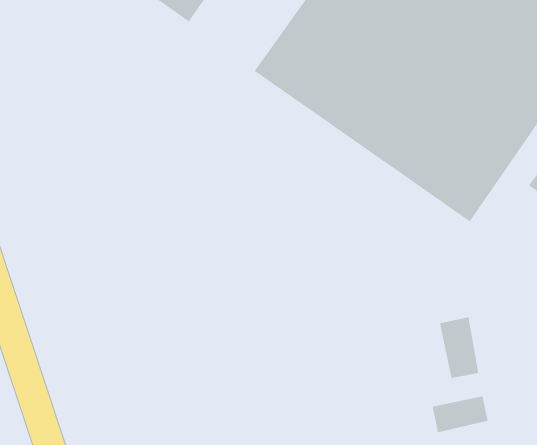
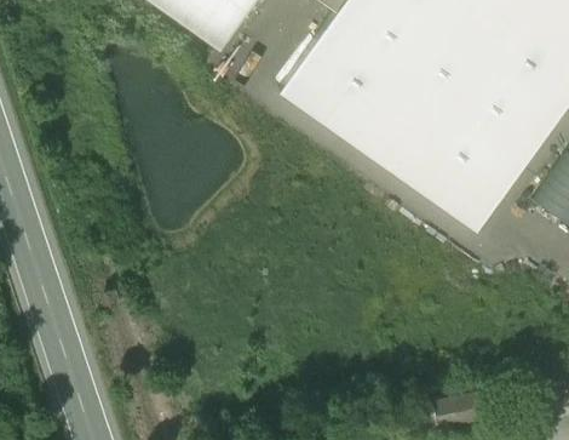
building: [440,317,479,379] -> none

